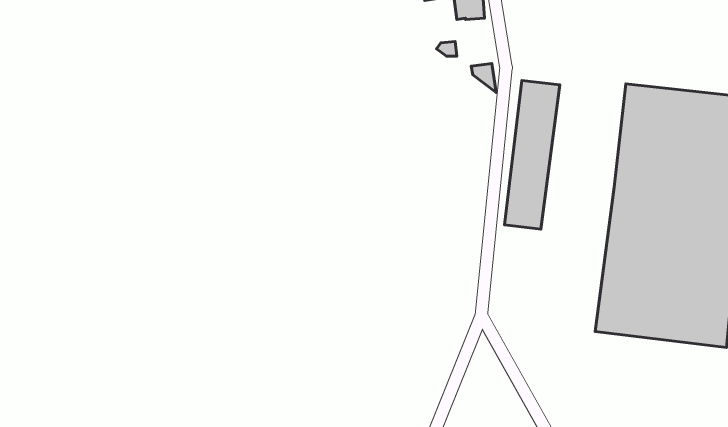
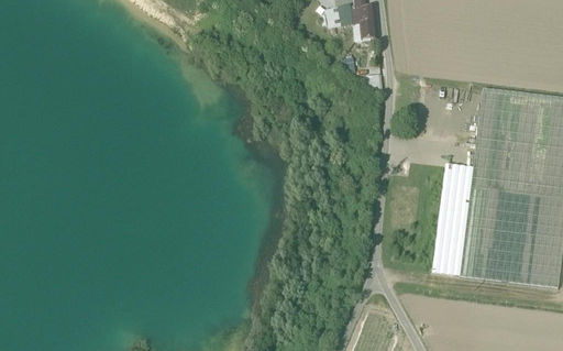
building: [504,81,560,229] -> [432,162,474,274]

